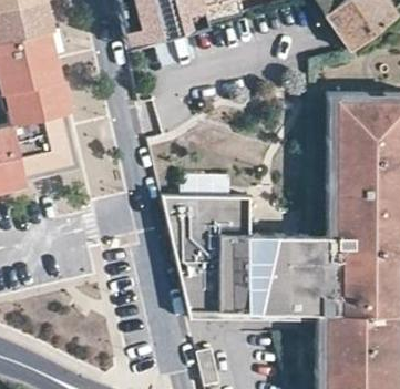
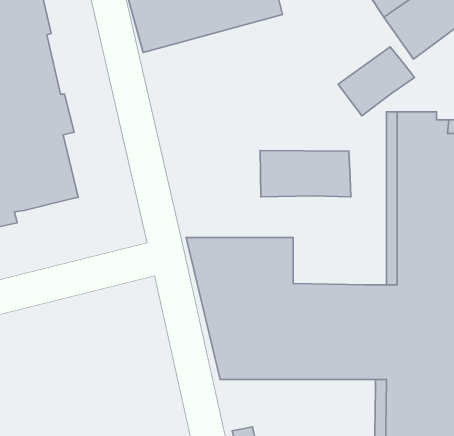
building: none -> [338,47,414,116]
building: none -> [260,150,351,197]

